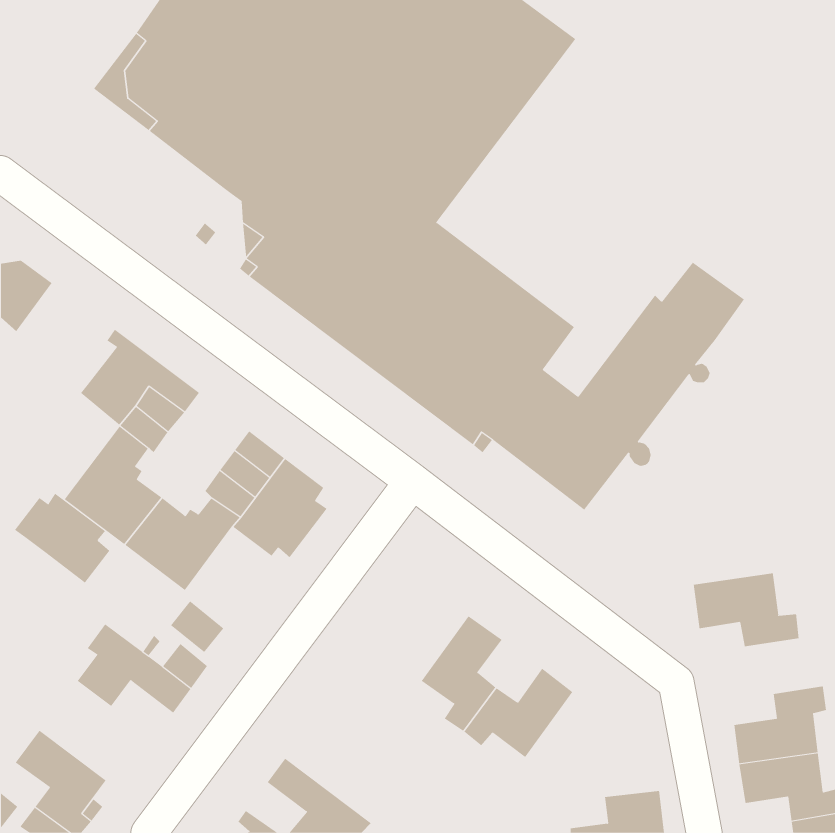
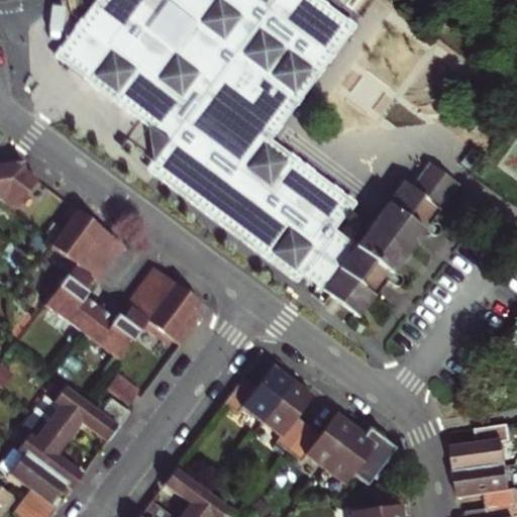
building: [14,493,110,584] -> none
building: [693,573,799,647] -> none
building: none -> [224,367,290,420]
building: none -> [19,420,85,487]
building: none -> [325,426,393,482]

